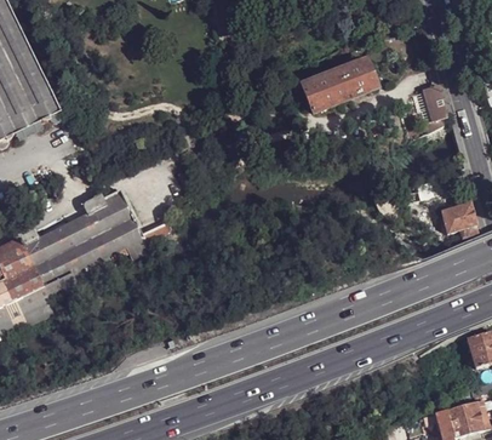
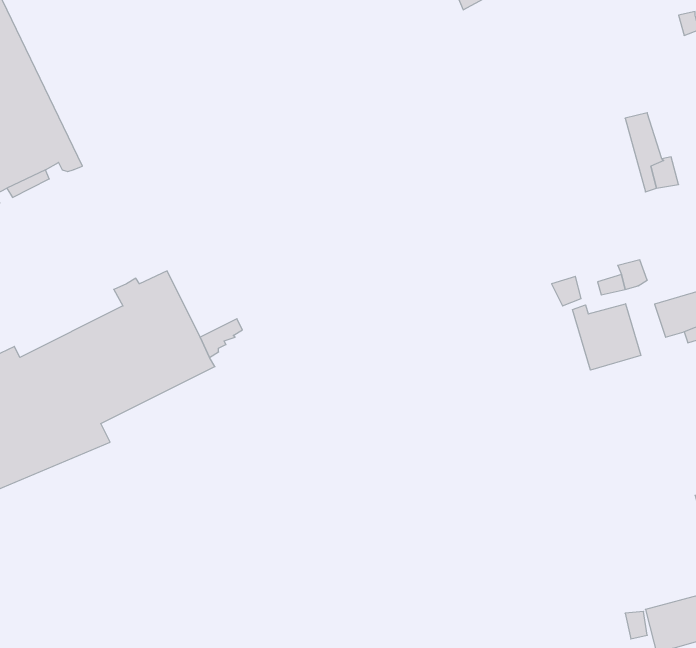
building: [301,59,368,110] -> none
building: none -> [573,304,641,370]

